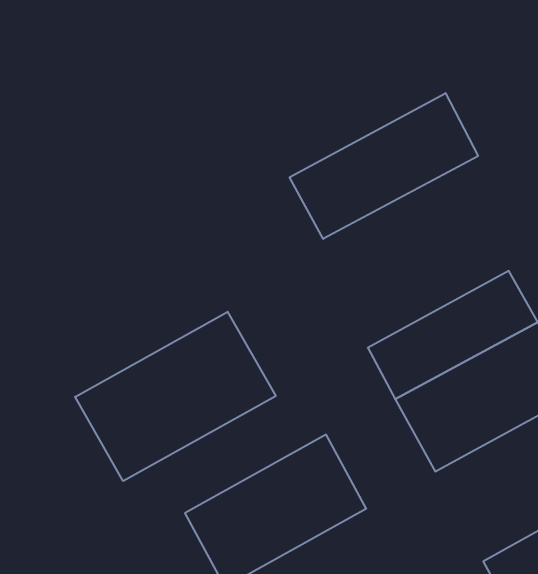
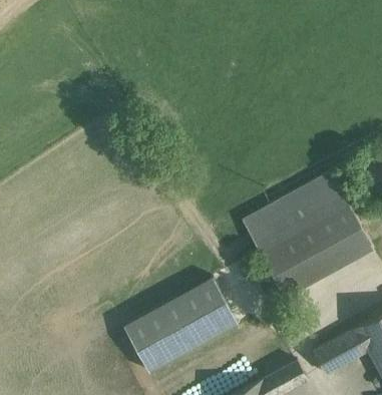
building: [290,93,478,239] -> none
building: [75,312,276,481] -> none

